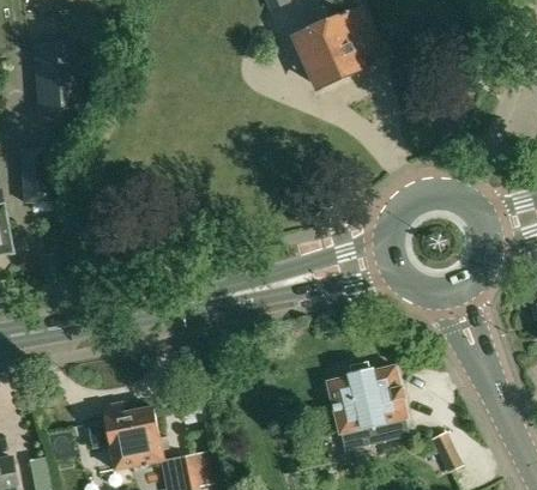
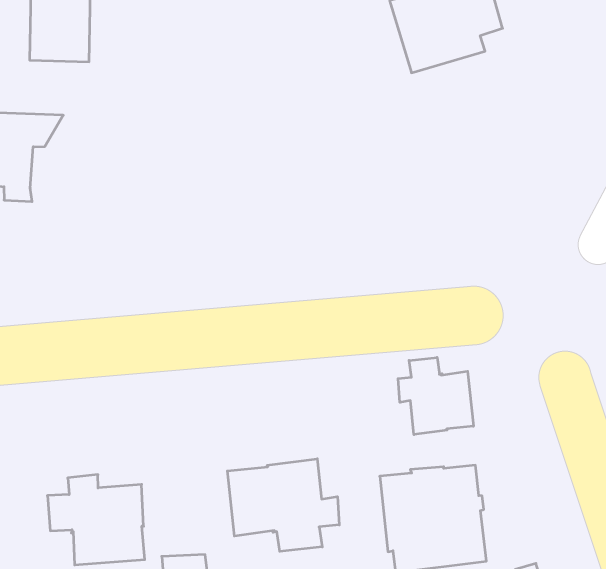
building: none -> [398,357,473,435]
building: none -> [227,459,339,551]

